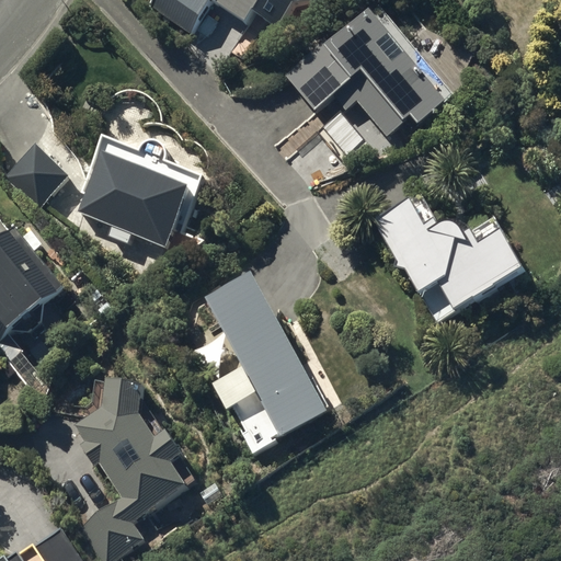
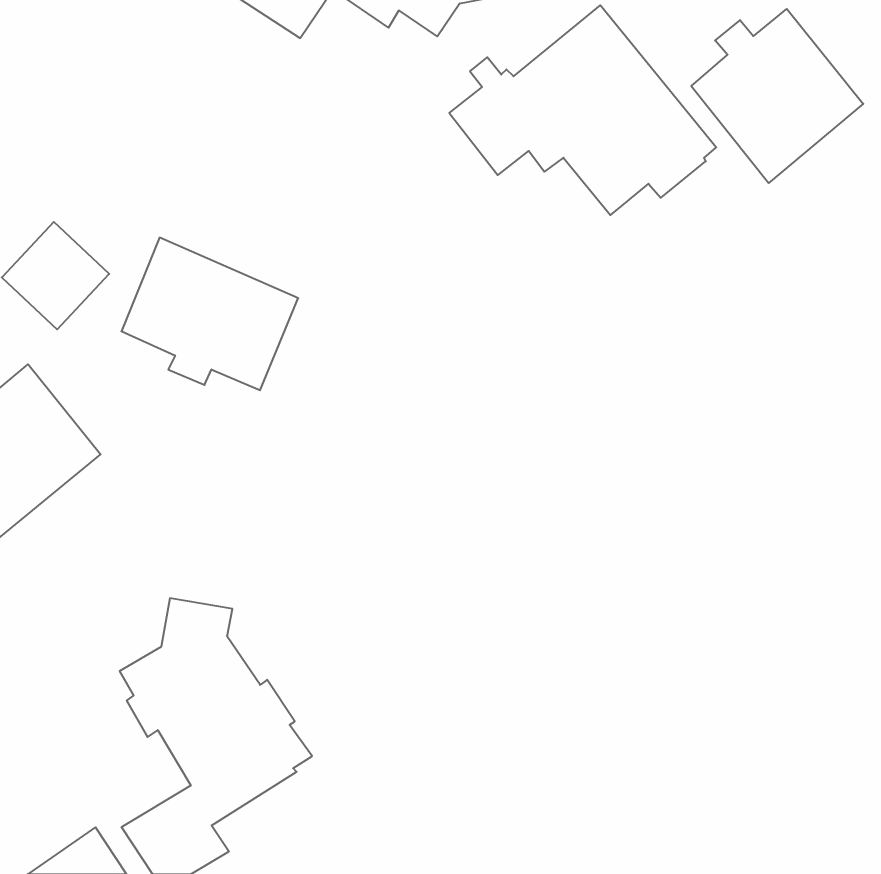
building: none -> [691,9,863,183]
building: [373,193,527,321] -> none
building: [206,277,328,453] -> none

